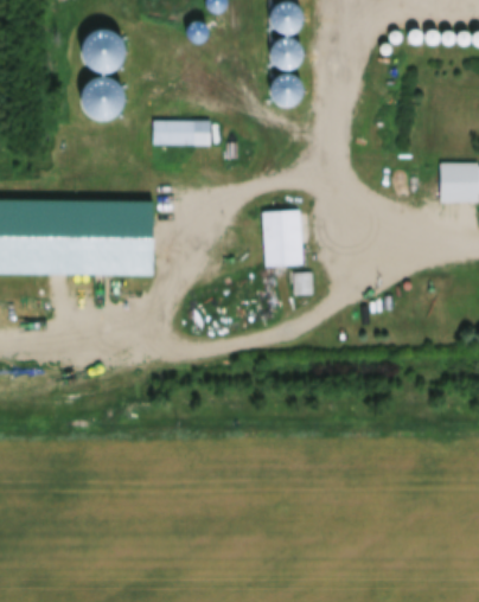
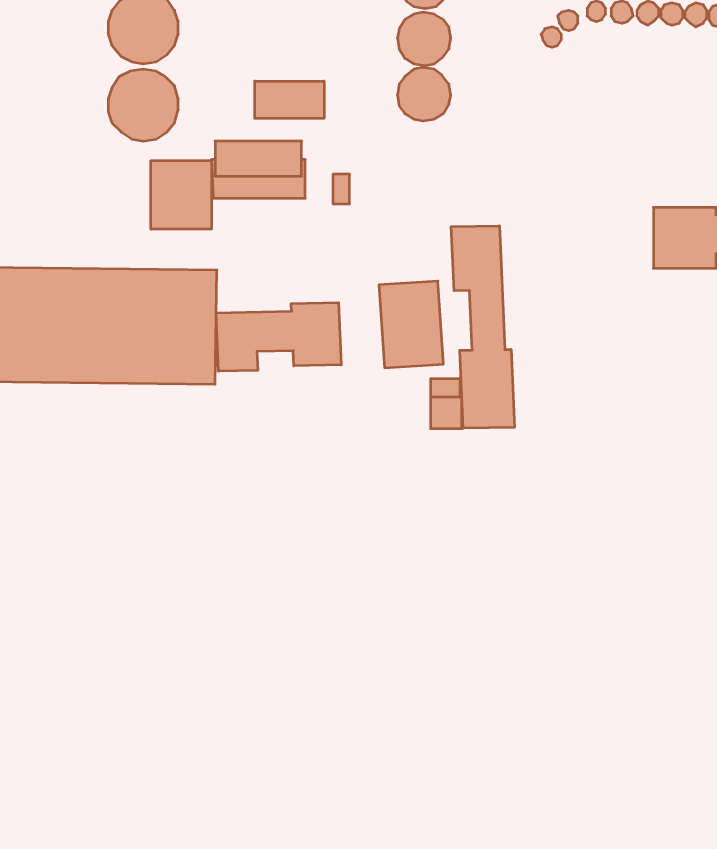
building: none -> [255,81,324,118]
building: none -> [151,160,211,229]
building: none -> [451,226,514,428]
building: none -> [216,303,341,371]

